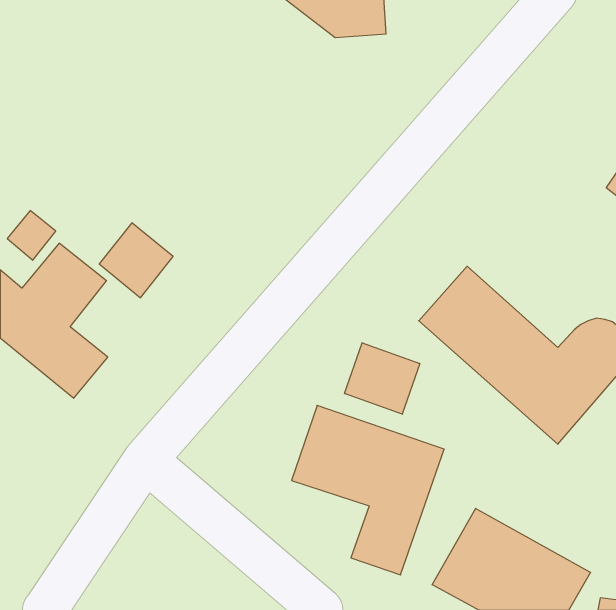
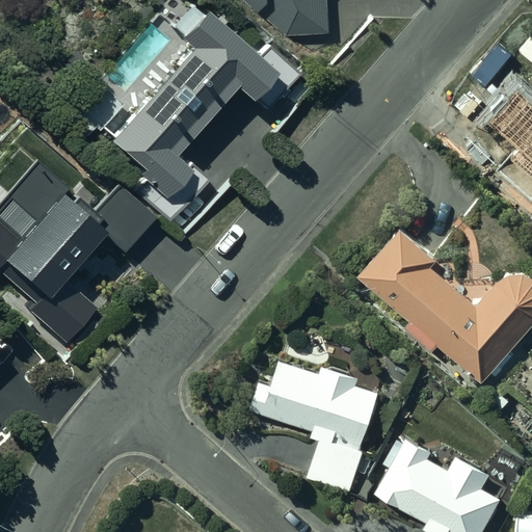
building: none -> [112,22,295,216]
building: [345,343,420,414] -> none

